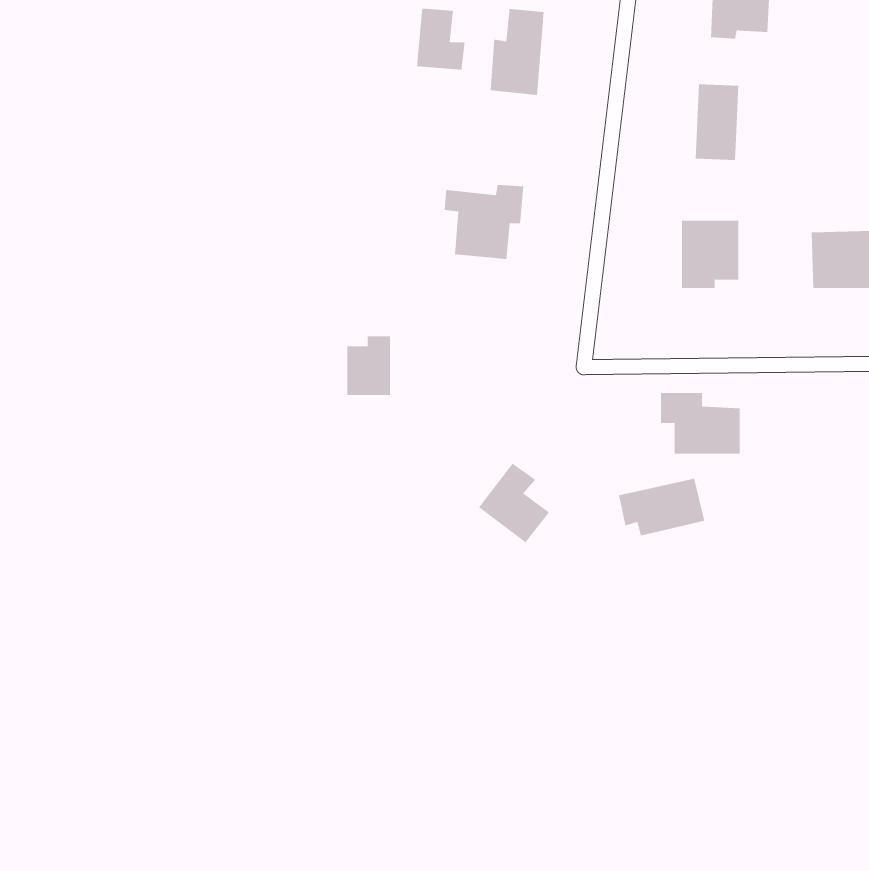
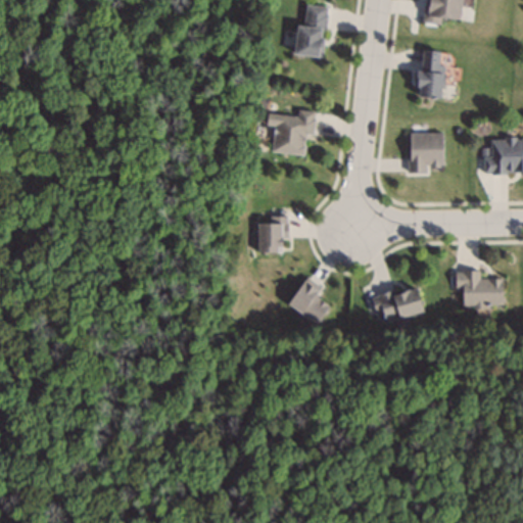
building: [416,8,465,70] -> none
building: [346,336,391,395] -> [258,217,285,252]
building: [660,393,740,454] -> [456,270,504,306]

